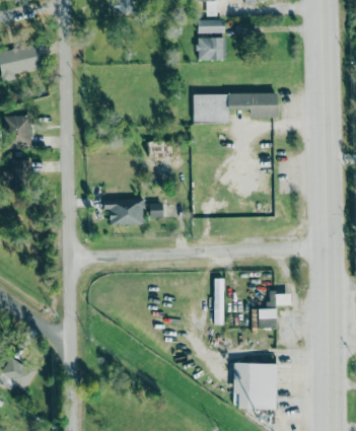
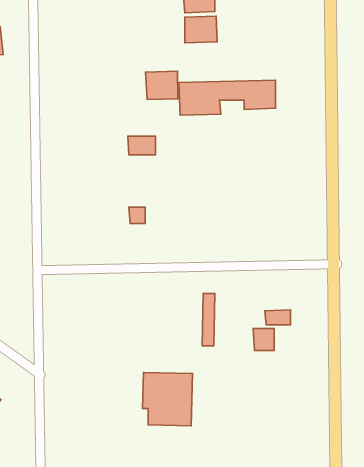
building: none -> [145,71,178,100]
building: [103,198,144,224] -> none
building: [232,362,276,409] -> [142,372,192,426]

